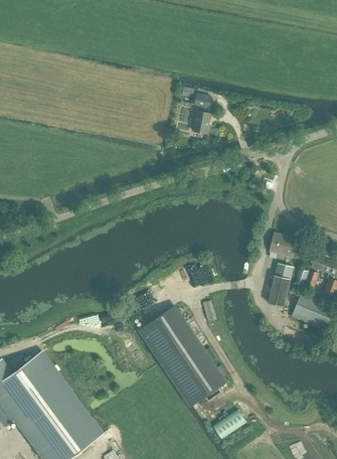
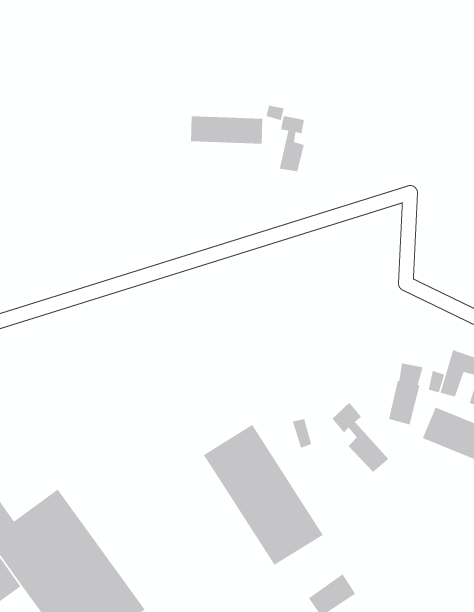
building: none -> [190,116,263,145]
building: [270,233,297,258] -> none
building: none -> [332,402,389,473]

